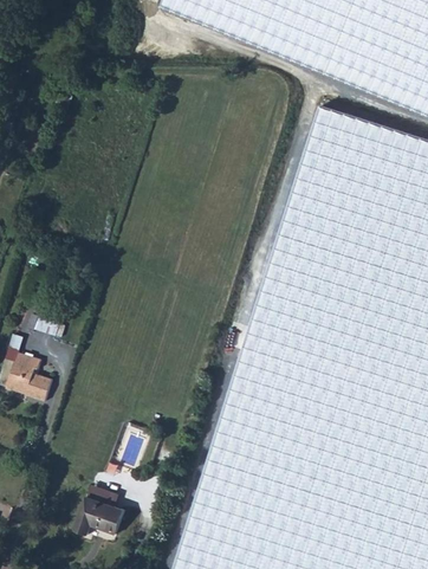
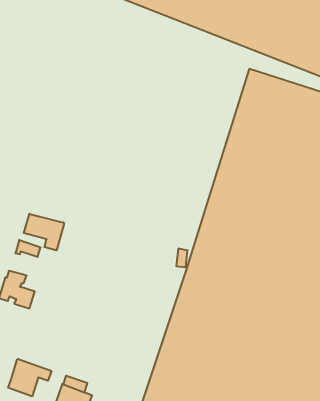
building: none -> [24,214,64,250]
building: none -> [8,359,51,396]

